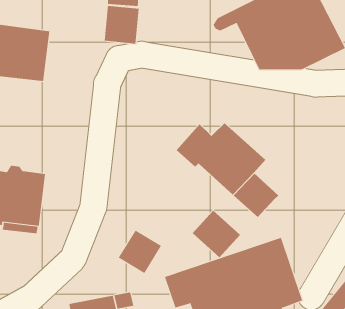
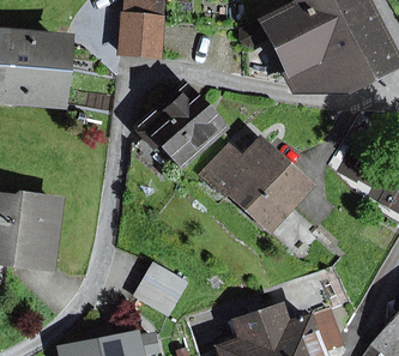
building: none -> [137,85,223,165]
building: [192,210,241,258] -> none

